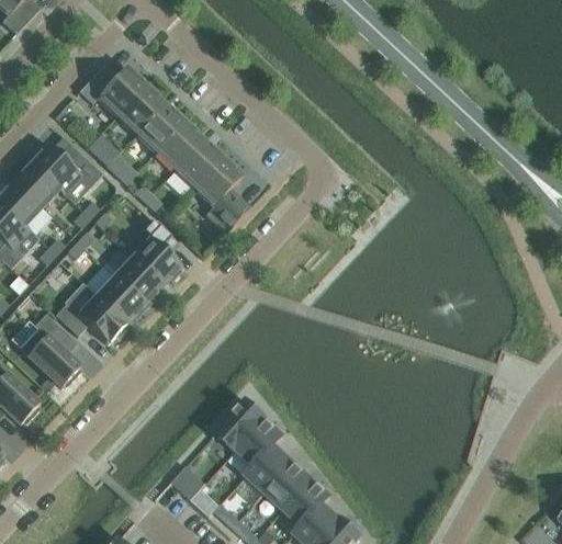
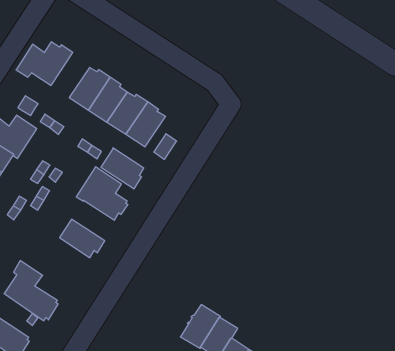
building: [116,82,165,134] -> none
building: [113,256,162,307] -> [101,148,144,189]
building: [55,294,127,343] -> none

